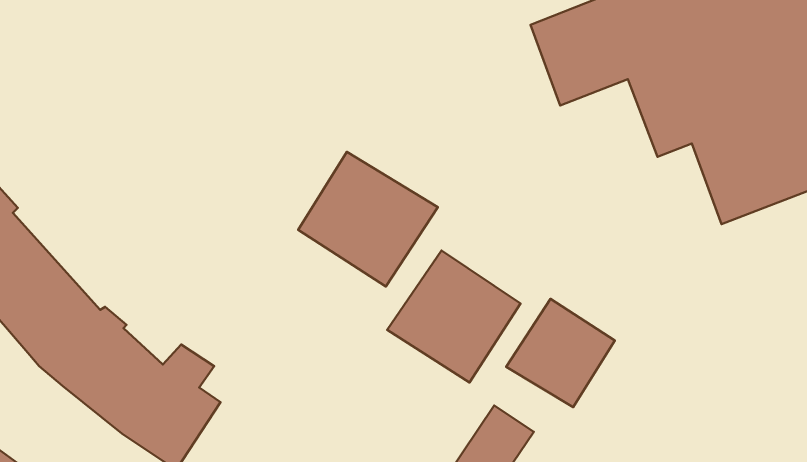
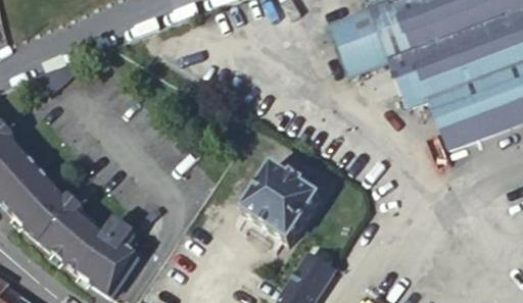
building: [298,152,438,287] -> none
building: [506,299,615,407] -> none

